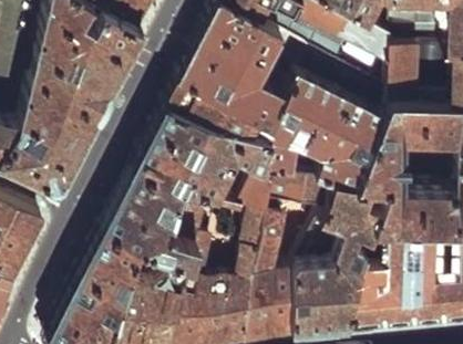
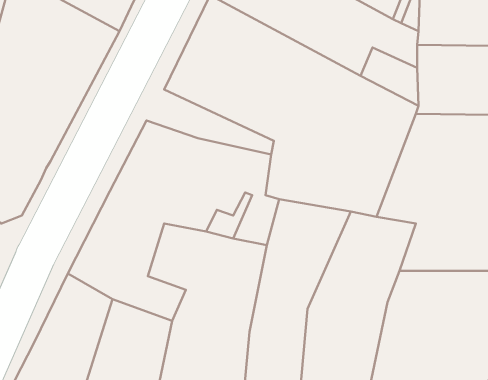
building: [166,82,270,135] -> none

